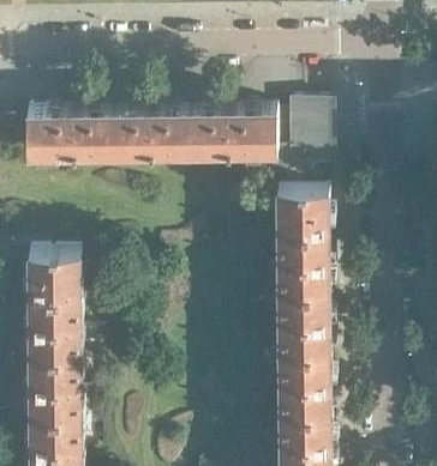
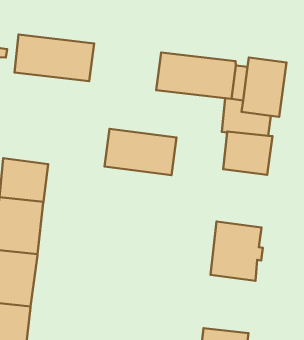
building: [114,111,191,155] -> [105,129,177,175]
building: [279,234,334,293] -> none
building: [280,355,335,416] -> none

